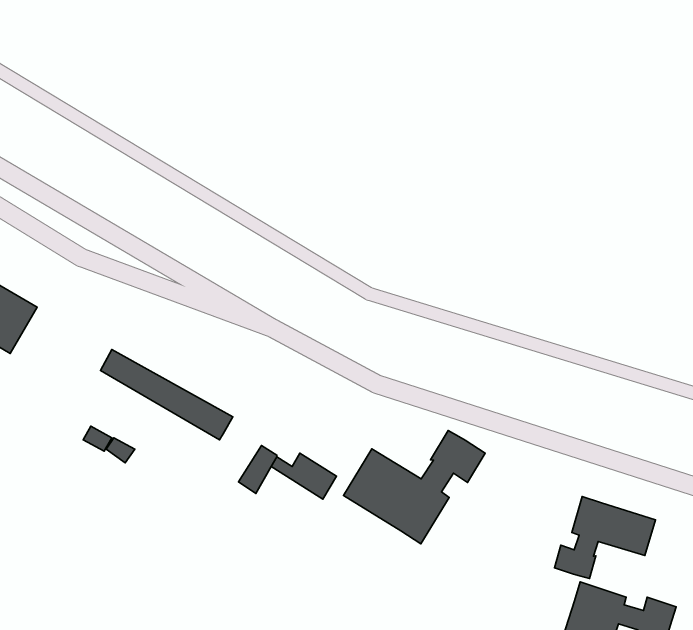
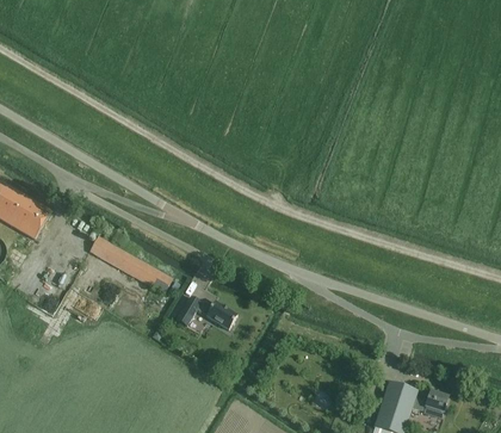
building: [344,431,485,544] -> none
building: [554,497,656,578] -> none

